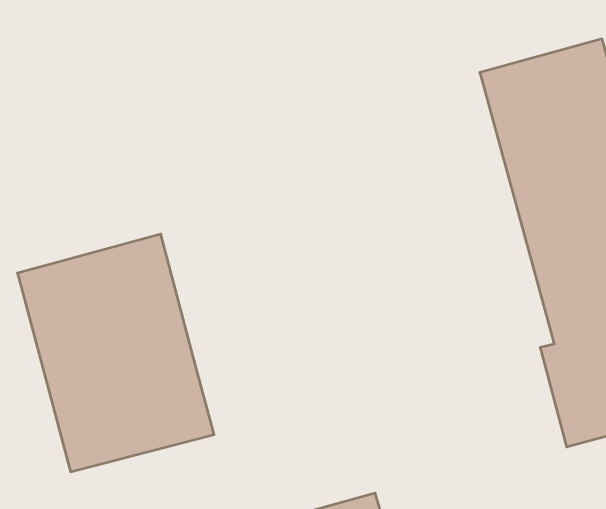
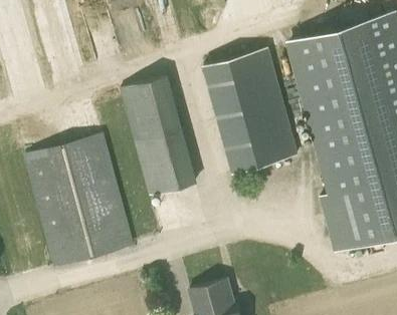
building: none -> [205,48,297,173]
building: none -> [121,75,197,198]

